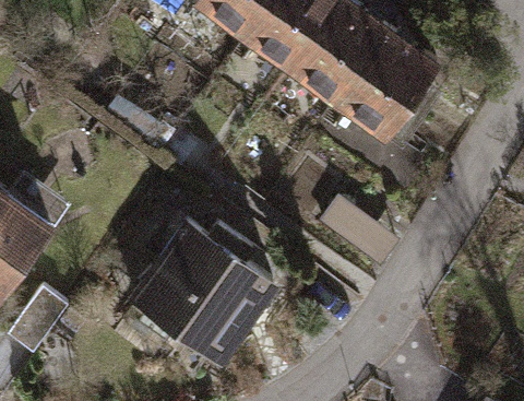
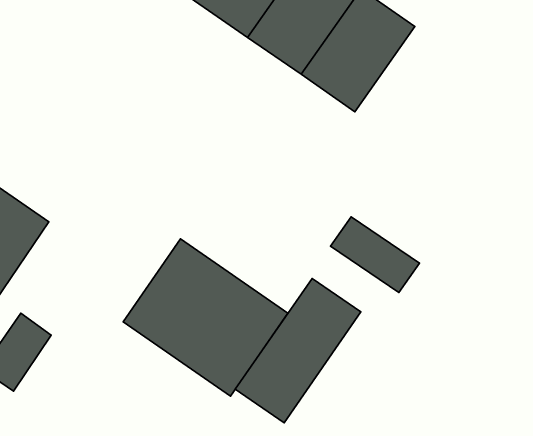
building: [338,31,440,140] -> none
building: none -> [235,278,361,423]

